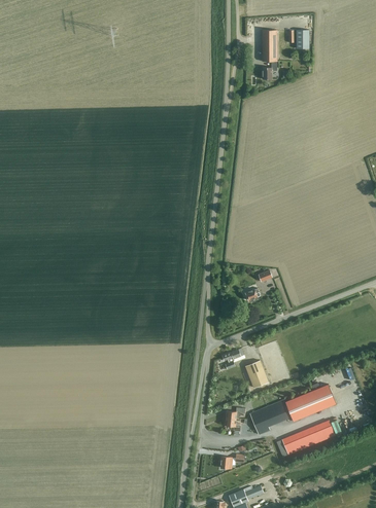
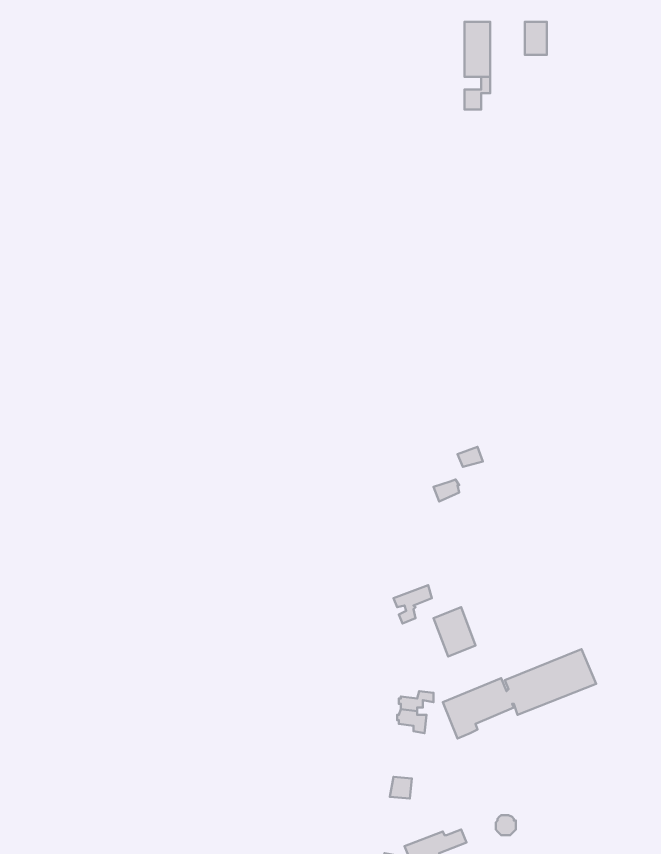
building: [282,420,336,455] -> none

